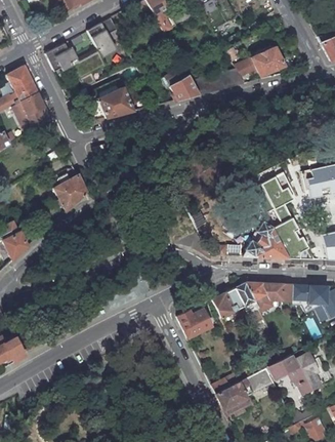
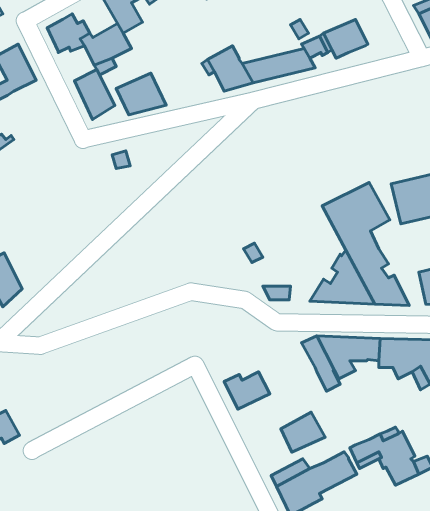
building: [22,92,51,129] -> [75,70,115,119]
building: [53,174,88,211] -> none
building: [212,287,245,317] -> [281,412,325,452]

